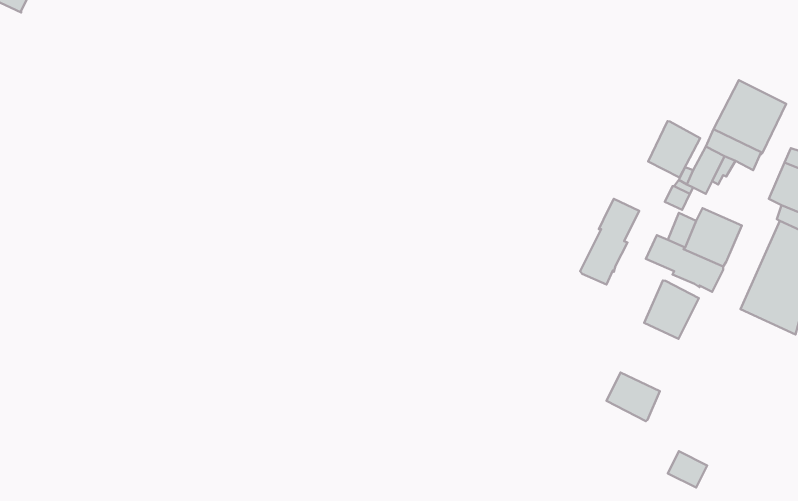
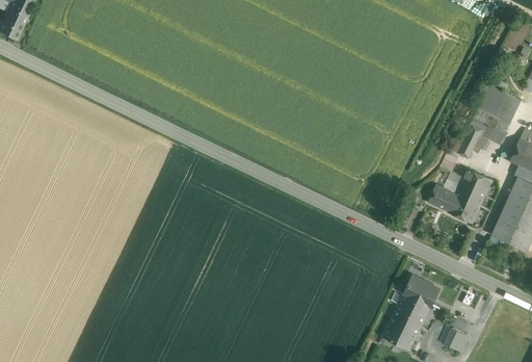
building: [648,121,700,177] -> none
building: [580,199,639,285] -> none
building: [644,280,699,339] -> none
building: none -> [382,294,430,348]

